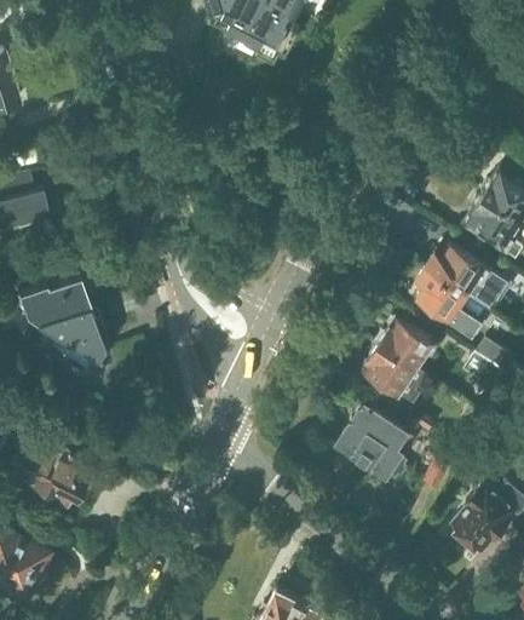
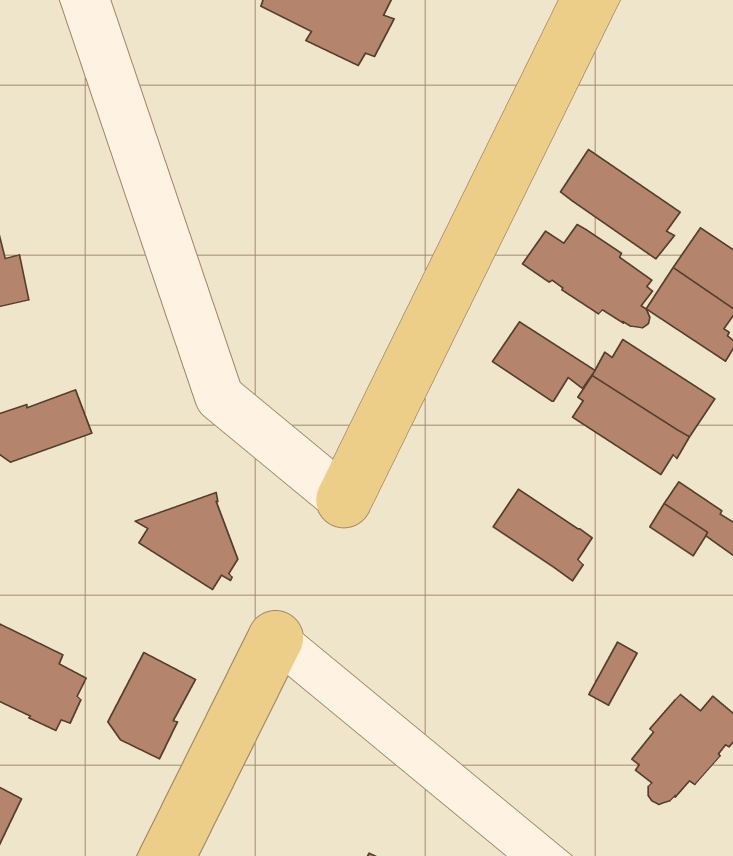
building: none -> [561,150,680,259]
building: none -> [522,225,653,328]
building: [34,306,103,372] -> [135,492,238,590]
building: [375,317,444,371] -> [492,322,595,401]
building: [335,402,411,478] -> none
building: none -> [108,653,196,759]

